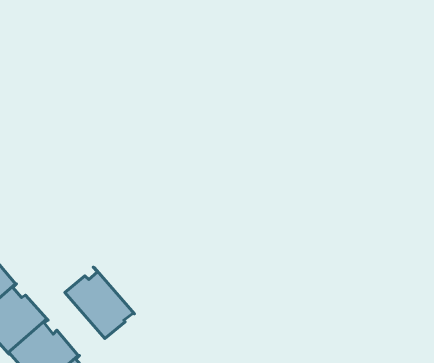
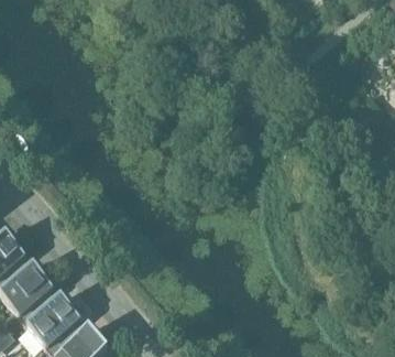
building: [65,267,134,339] -> none

